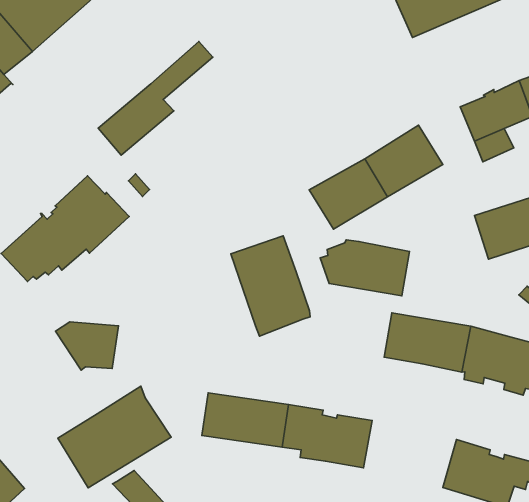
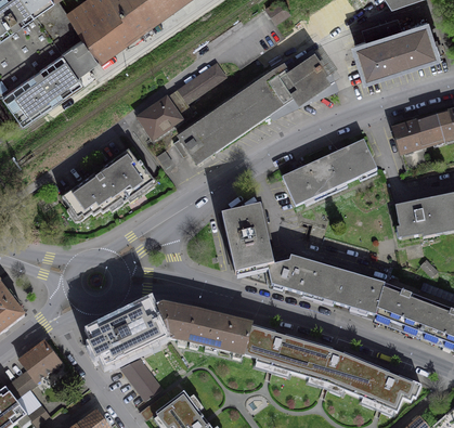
building: none -> [174,57,332,163]
building: [320,240,409,296] -> [268,255,330,298]
building: [55,322,118,370] -> [152,303,196,339]
building: none -> [299,341,366,393]

